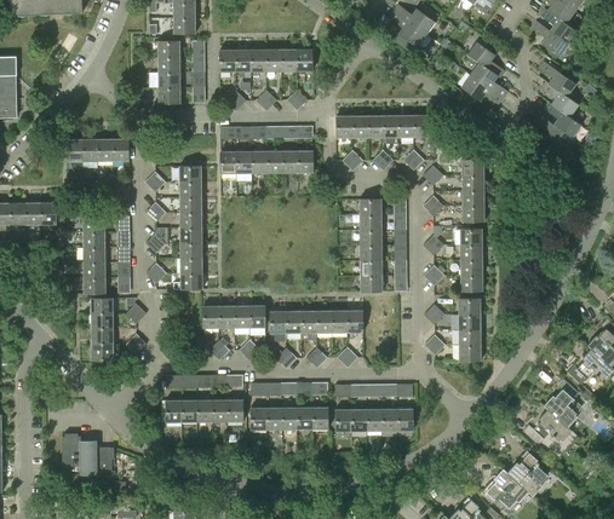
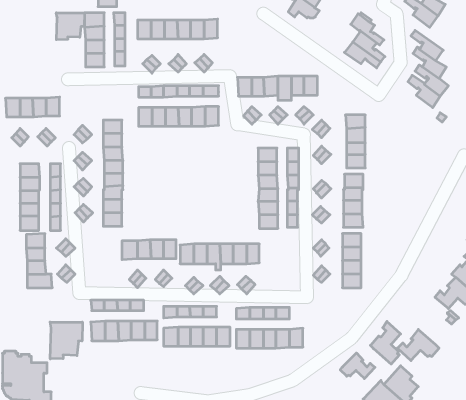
building: none -> [56,13,85,40]
building: [543,377,578,427] -> [370,321,401,364]
building: none -> [50,322,82,359]
building: none -> [340,353,375,379]

